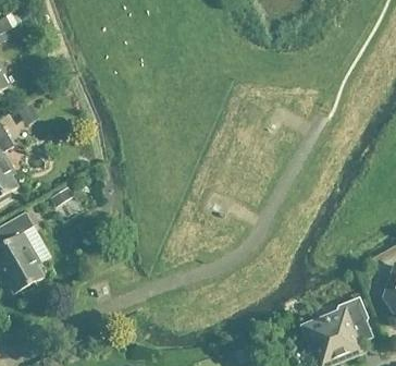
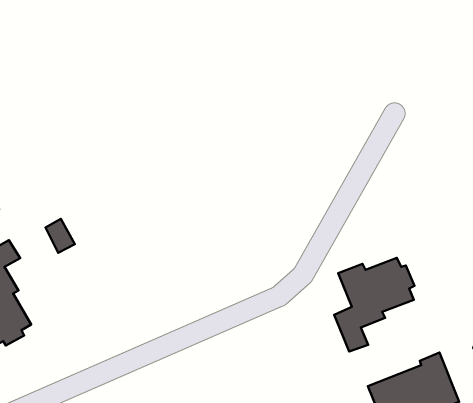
building: none -> [334,258,415,352]

